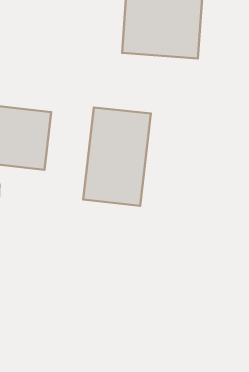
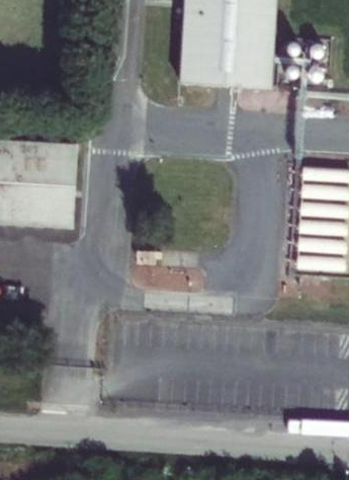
building: [83,107,151,206] -> none

